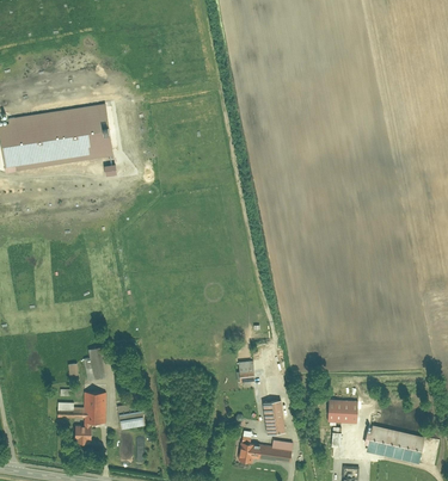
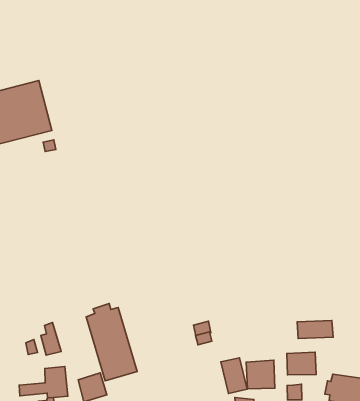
building: none -> [86,303,137,381]
building: none -> [297,320,333,339]
building: none -> [246,360,275,389]

